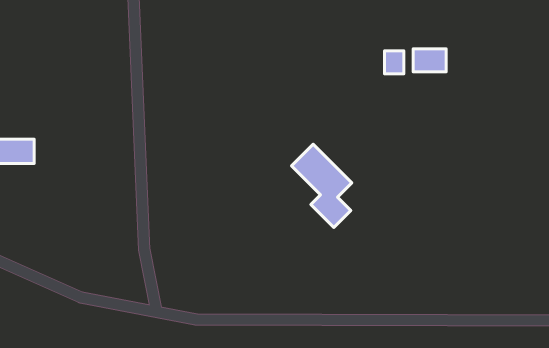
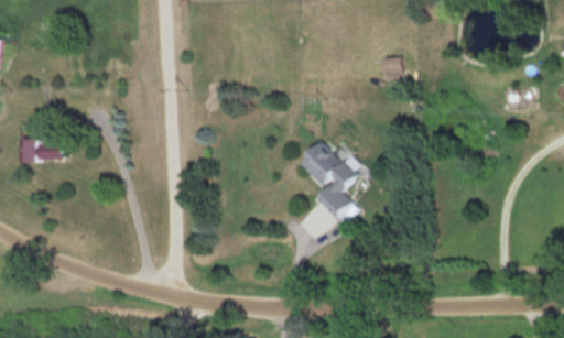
building: [413,49,446,72] -> none

